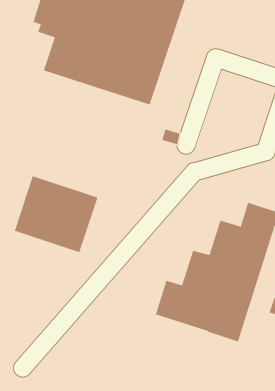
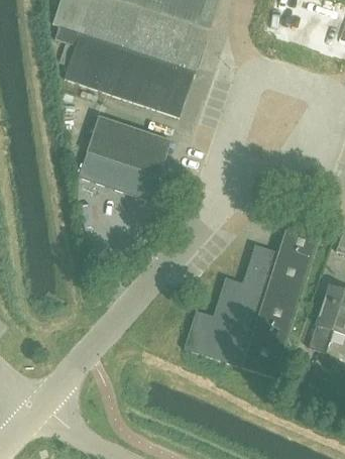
building: [14,175,98,253] -> [80,114,172,200]

